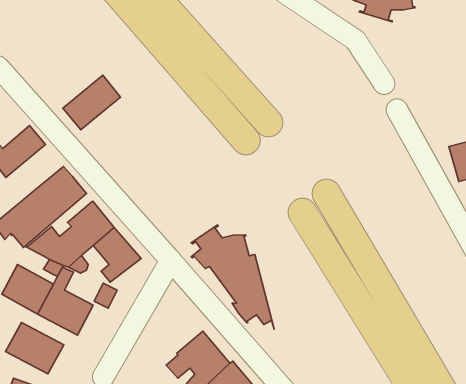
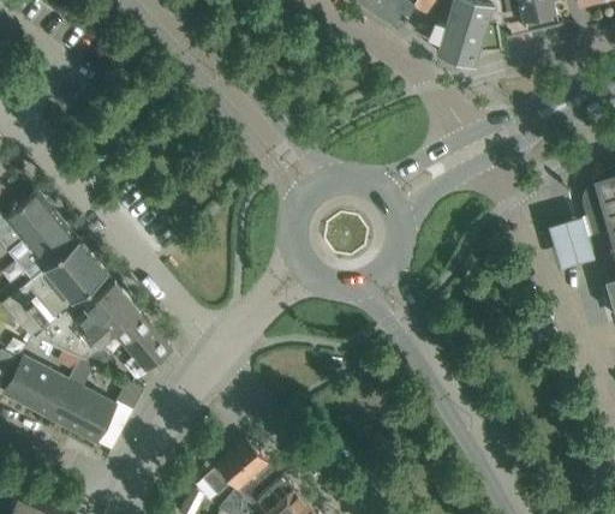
building: [63,75,121,130] -> [10,214,79,280]
building: [191,225,274,329] -> none
building: [6,323,64,374] -> none

